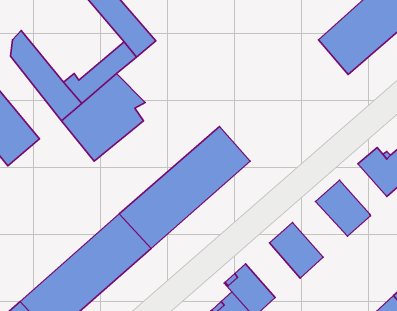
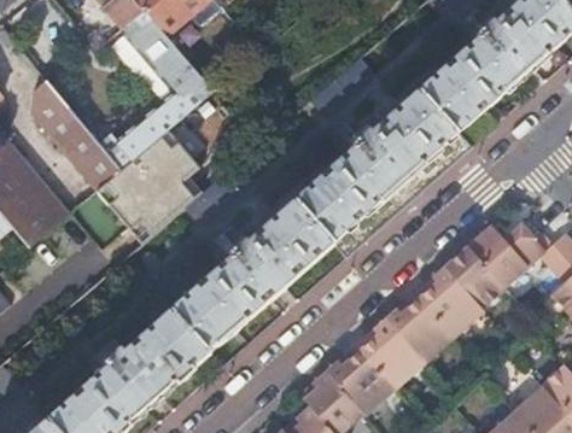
building: none -> [293,90,468,257]
building: none -> [444,246,504,309]
building: none -> [385,293,454,363]
building: none -> [326,345,395,416]

